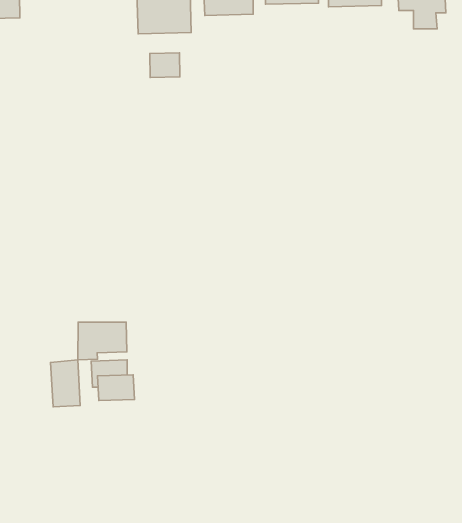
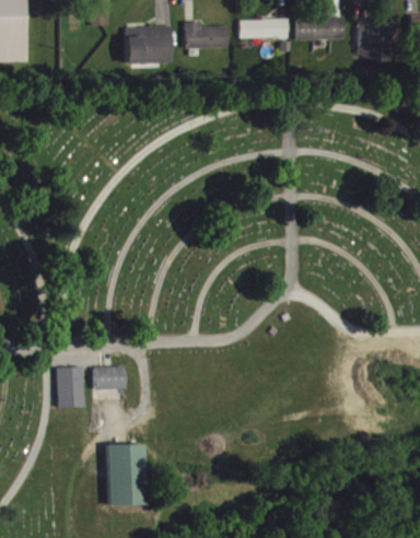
building: [150,53,180,77] -> none
building: [78,322,127,360] -> none
building: none -> [103,433,141,494]

